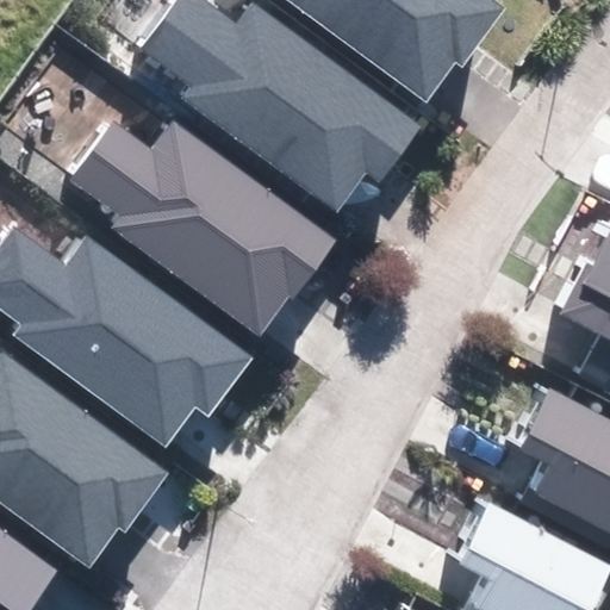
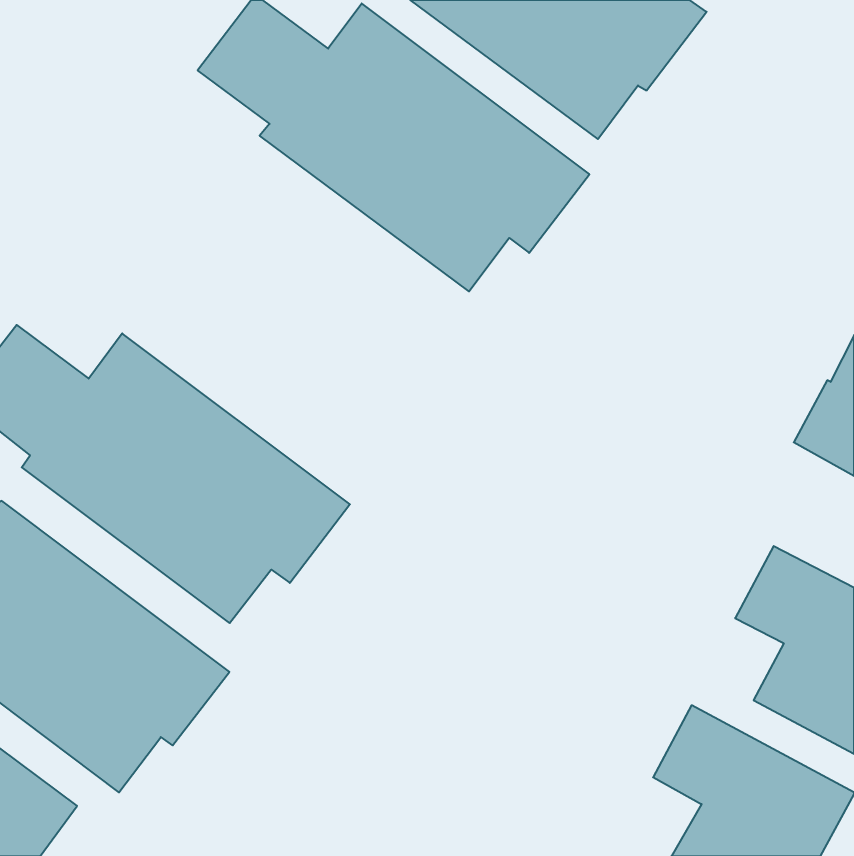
building: [74,123,336,334] -> none

